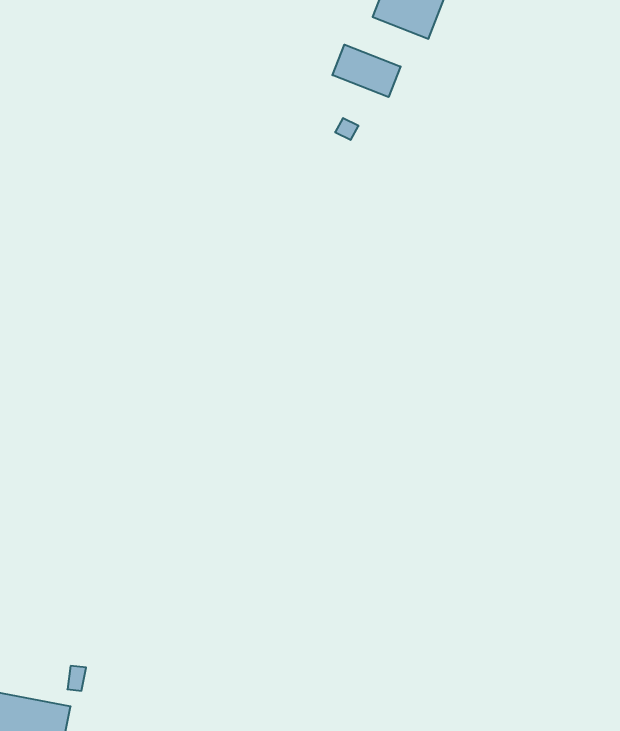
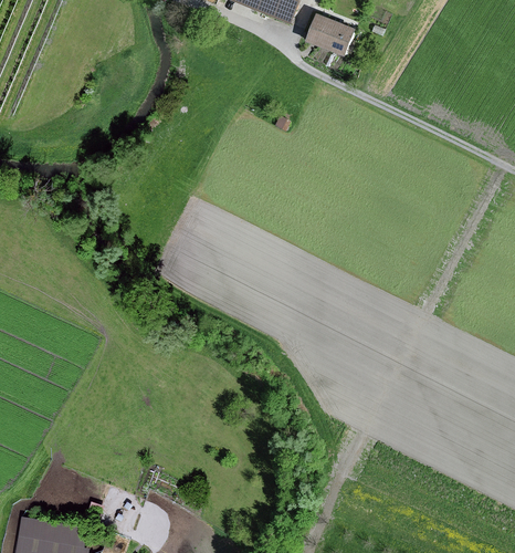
building: [332,45,401,97] -> none

